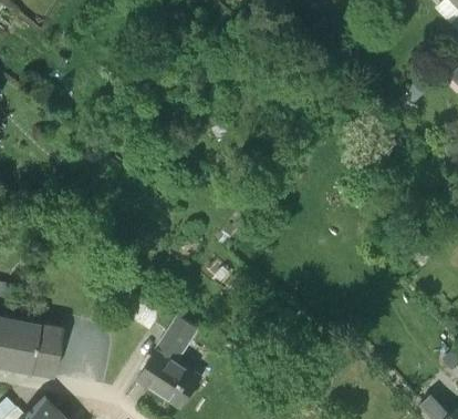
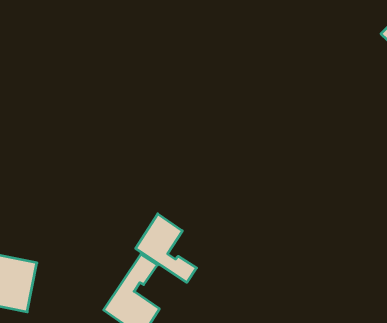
building: none -> [136,214,197,282]

